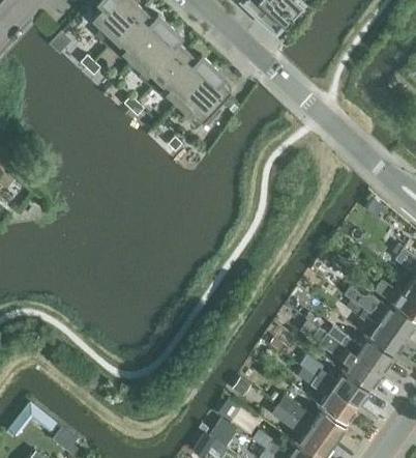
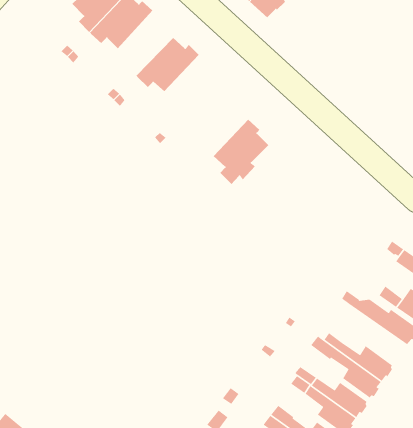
building: [136,25,187,86] -> none
building: [179,66,232,128] -> [213,119,269,185]
building: [347,300,407,354] -> none

